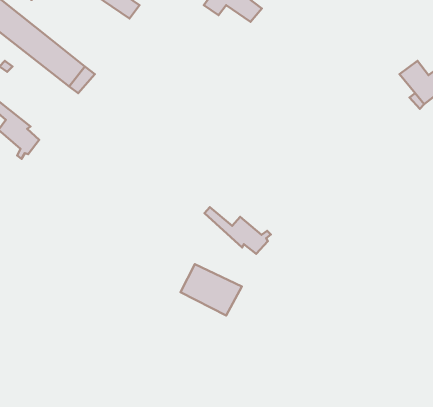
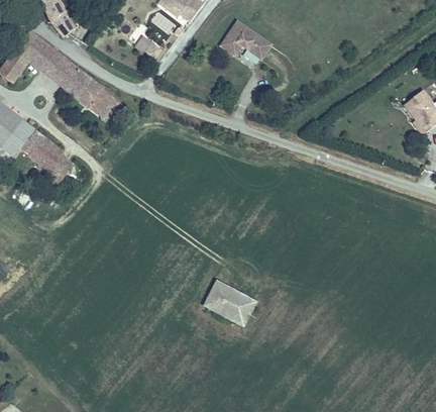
building: [204,207,271,254] -> none

